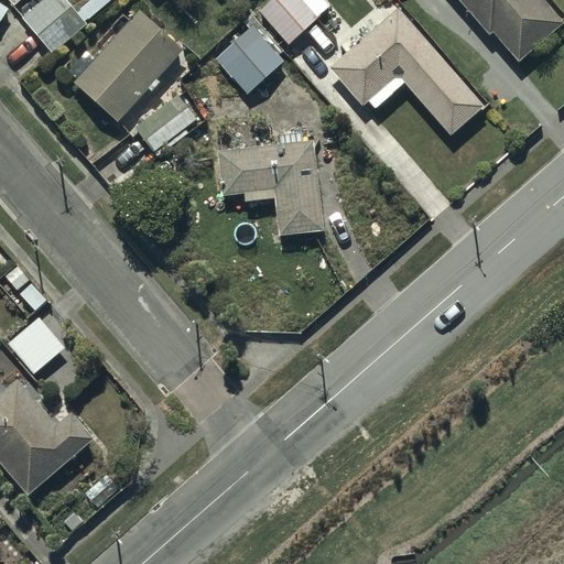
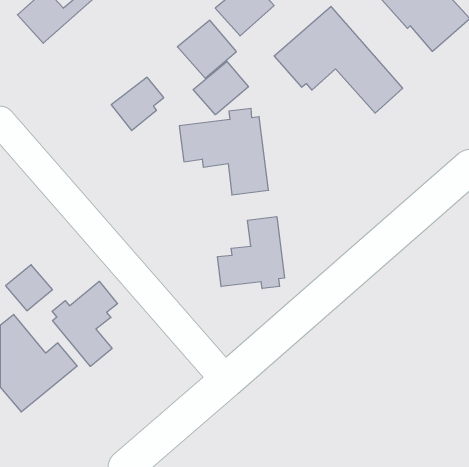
building: [73,10,181,120] -> none
building: none -> [193,61,248,115]
building: none -> [218,217,284,289]
building: none -> [52,281,118,366]

